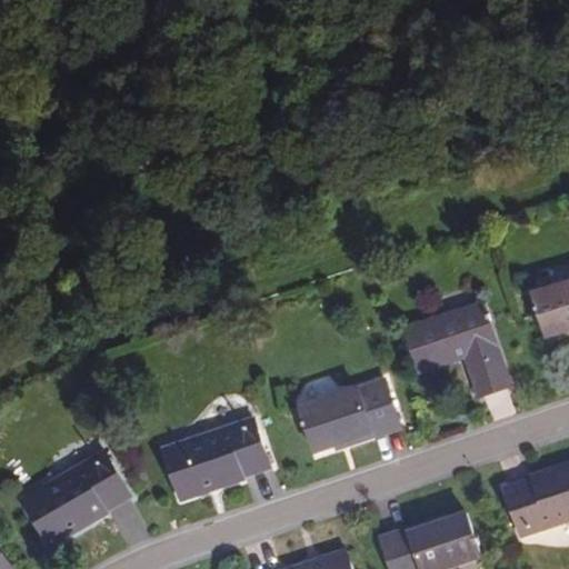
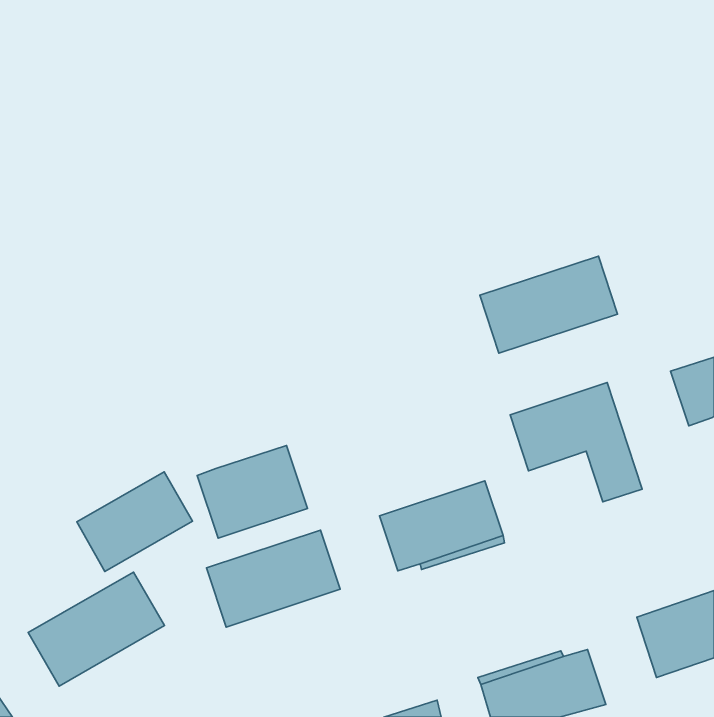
building: none -> [480,256,617,353]
building: none -> [197,446,308,538]
building: none -> [77,472,192,571]

